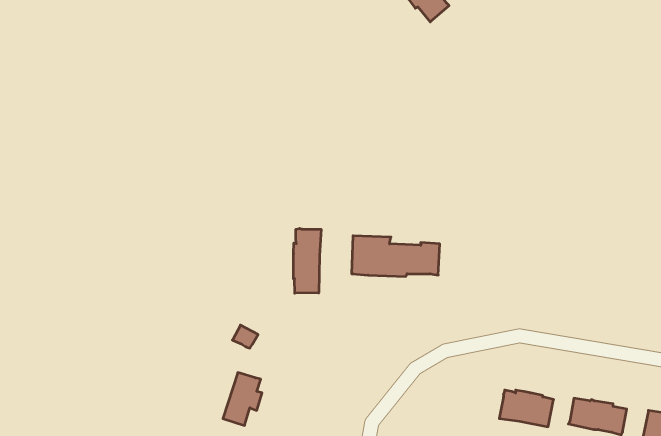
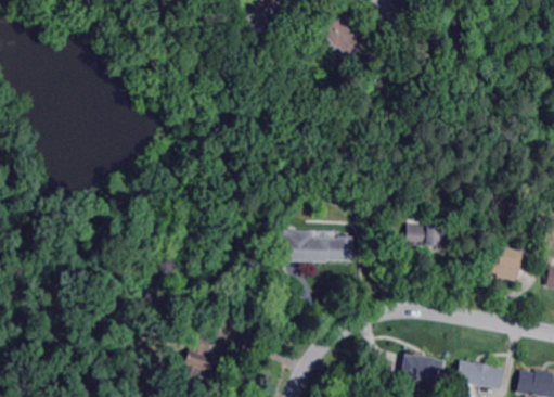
building: none -> [405,219,452,247]
building: [293,228,321,293] -> none
building: none -> [492,245,523,281]

